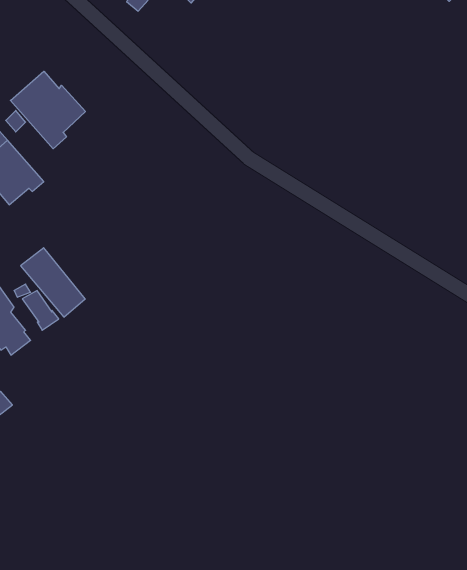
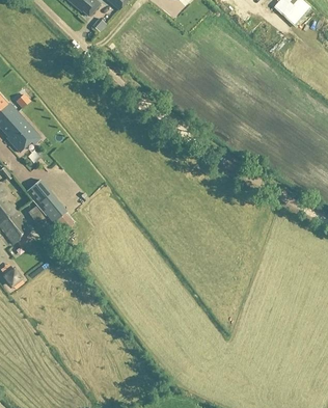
building: [10,71,85,149] -> none

